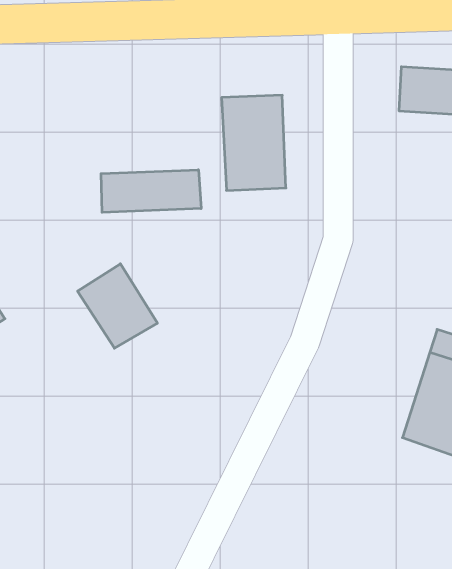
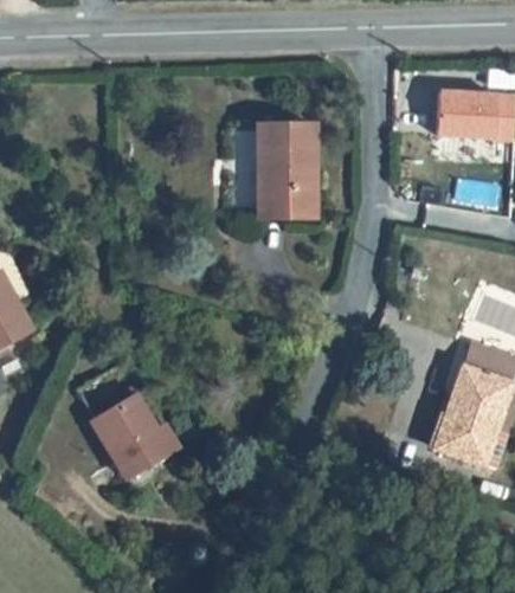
building: [101,170,201,212] -> none
building: [78,264,157,348] -> [105,398,185,482]

